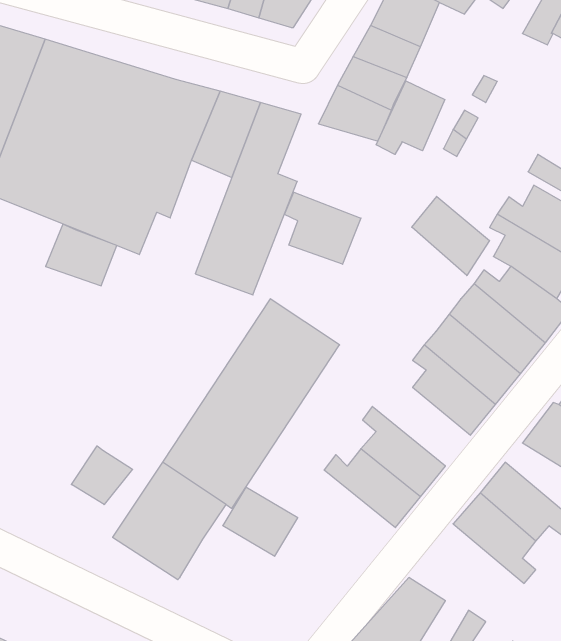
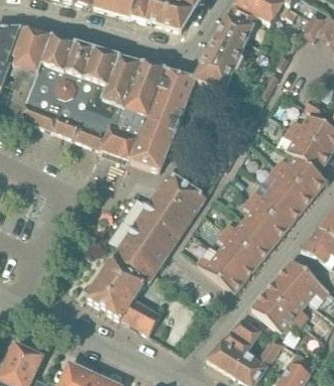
building: [376,81,445,154] -> none
building: [284,192,361,264] -> none
building: [412,196,490,276] -> none
building: [46,224,117,286] -> [100,127,137,159]
building: none -> [222,219,273,260]
building: [71,446,133,505] -> none
building: [223,487,298,556] -> [121,298,160,335]
building: none -> [251,290,302,332]

